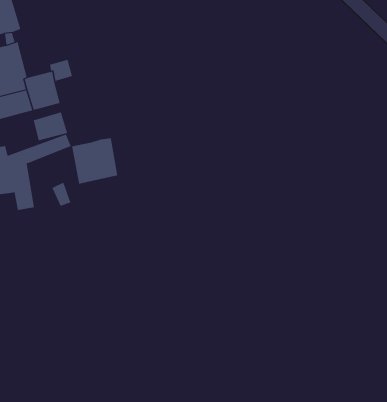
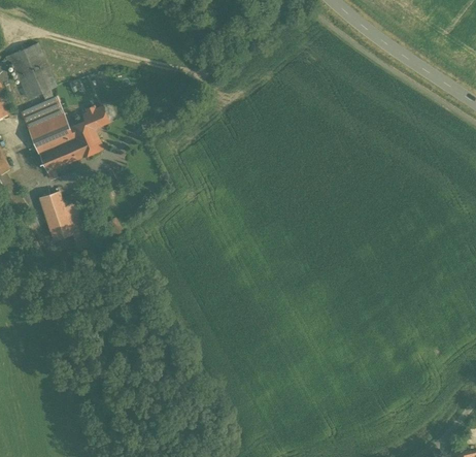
building: [33,112,68,141] -> none
building: [71,138,118,184] -> none

